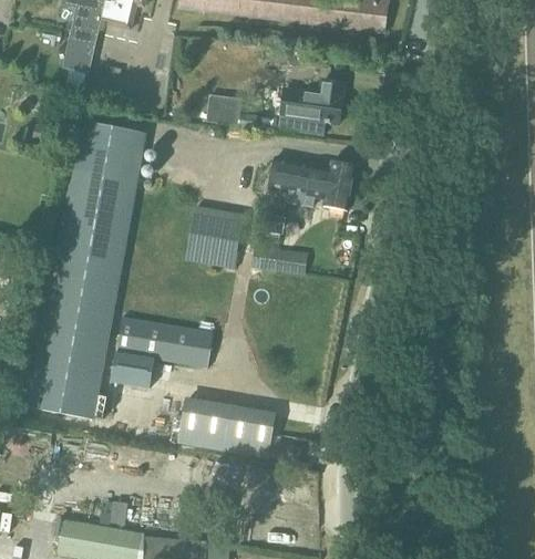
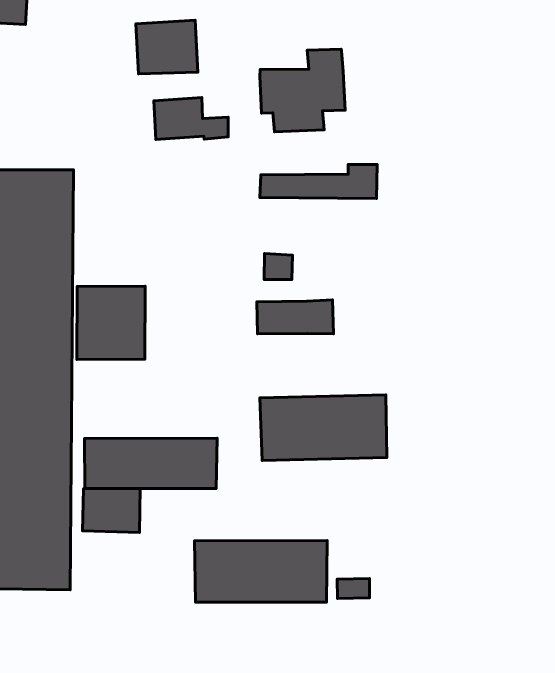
building: none -> [136,20,198,74]
building: [268,173,350,209] -> none
building: [185,207,240,265] -> [77,286,145,359]
building: none -> [260,395,387,461]

